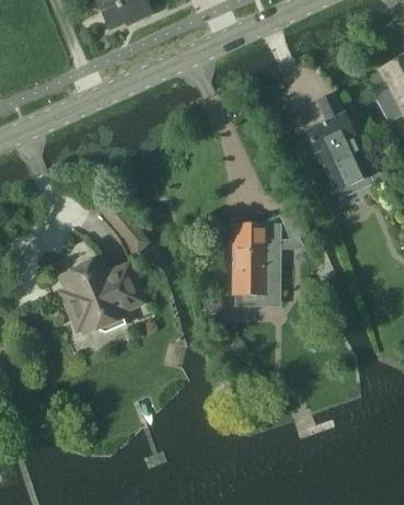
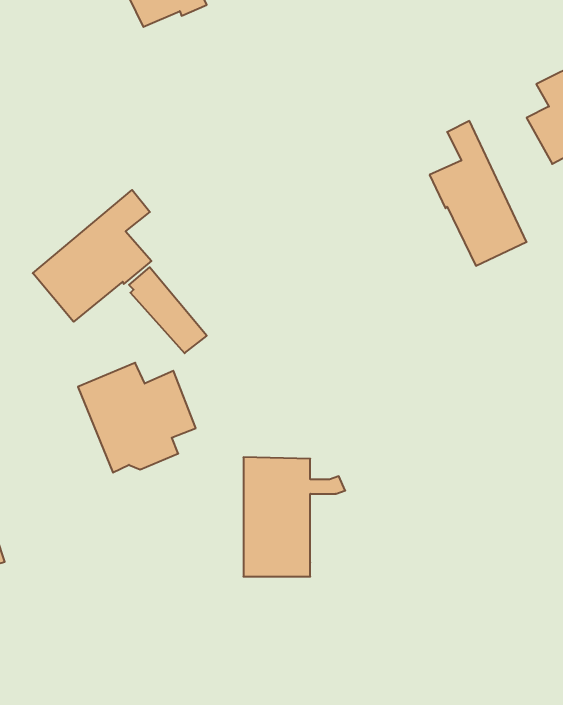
building: none -> [33,190,151,322]
building: [232,222,302,305] -> [243,457,345,577]

